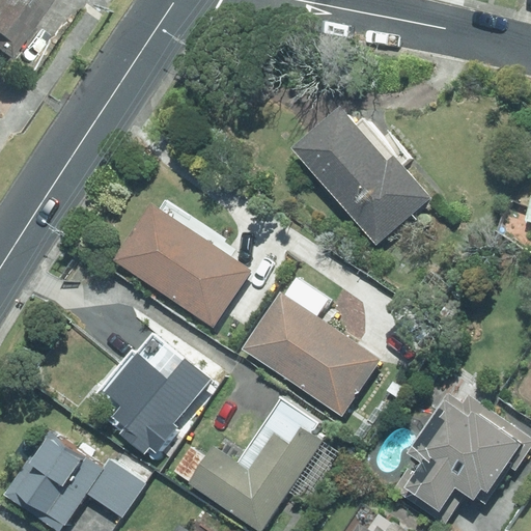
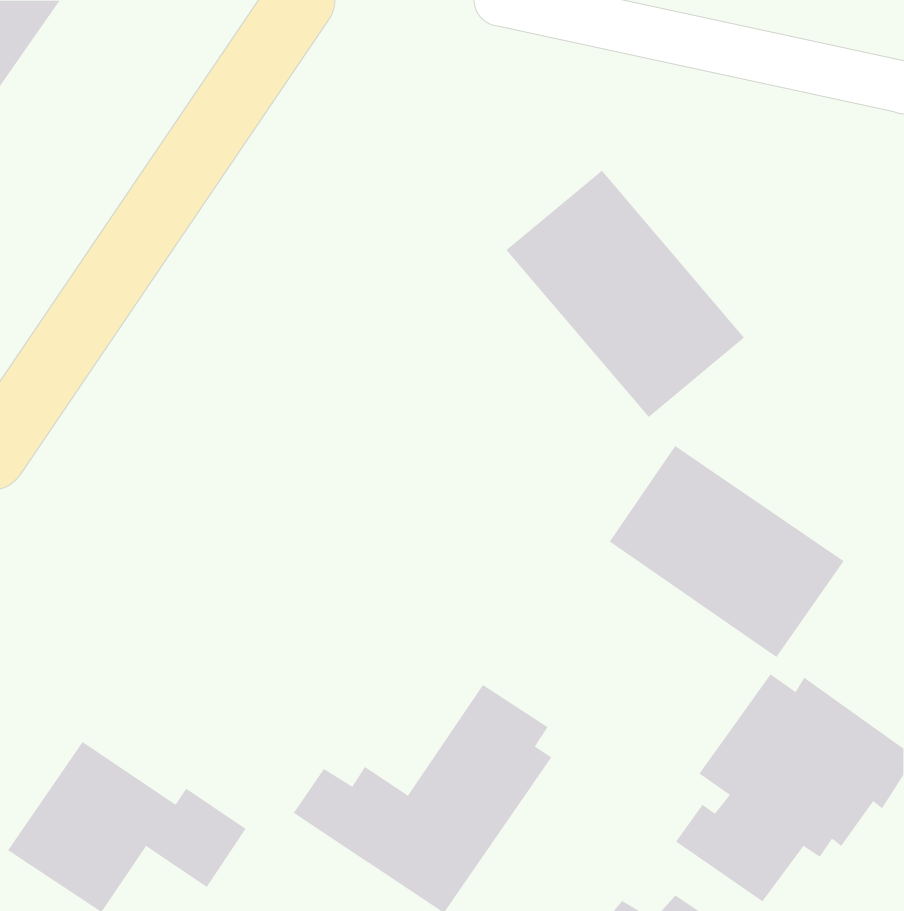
building: [113,203,251,327] -> none
building: [243,292,380,416] -> [609,445,845,658]
building: [102,353,211,450] -> none

